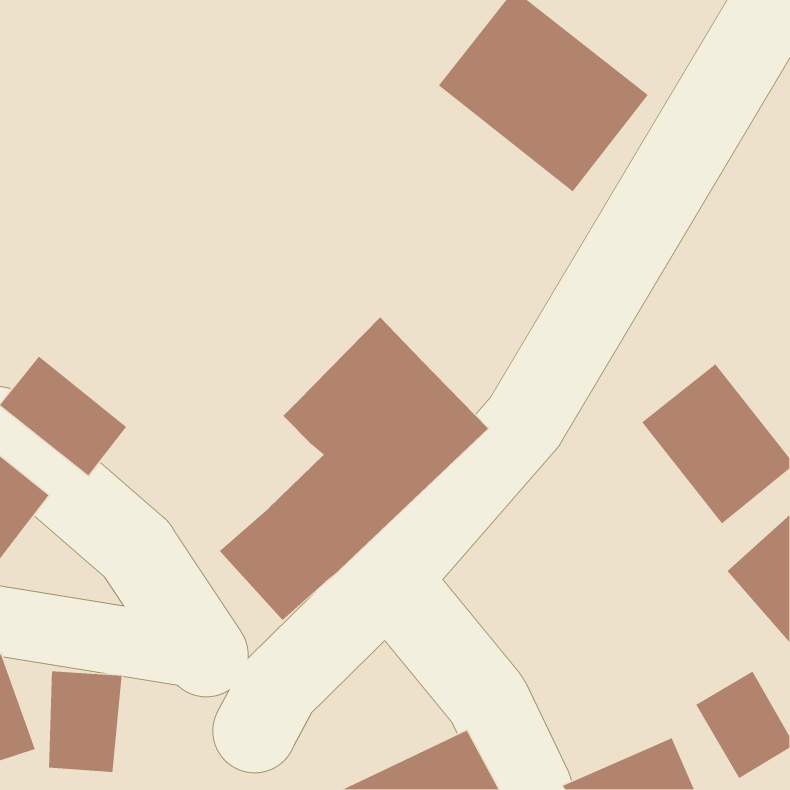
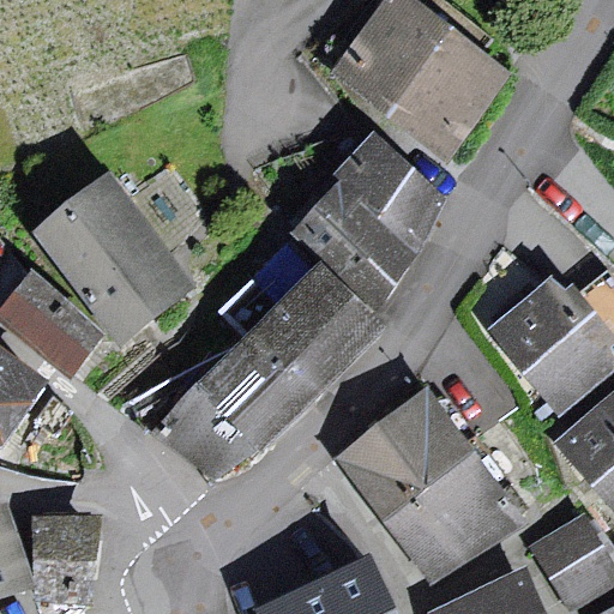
building: none -> [302,136,444,297]
building: none -> [41,179,181,329]
building: none -> [345,395,511,572]

